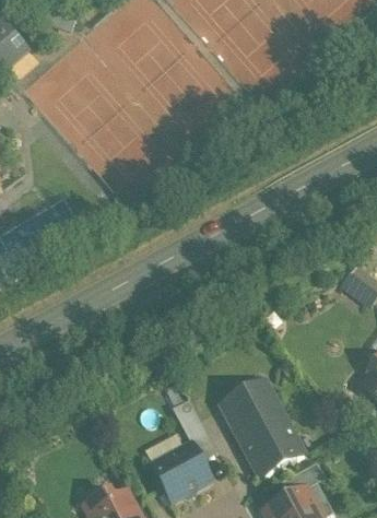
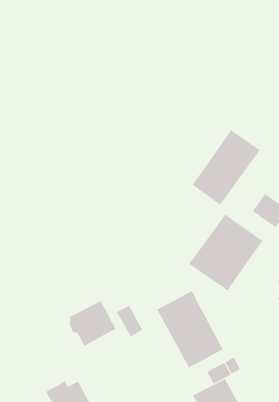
building: none -> [192,129,260,205]
building: none -> [188,214,263,291]
building: [153,443,211,499] -> [69,300,116,347]

